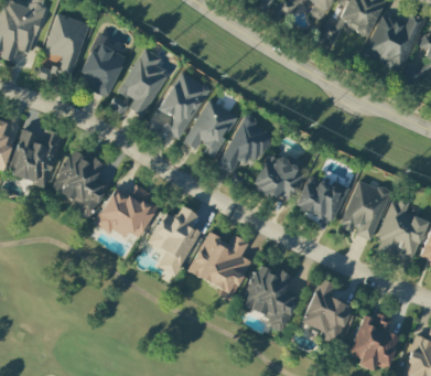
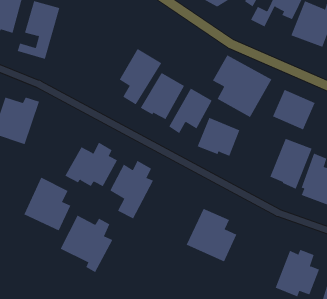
building: [78,32,126,98] -> none
building: [118,47,169,117] -> none
building: none -> [212,54,272,118]
building: [51,148,108,213] -> [23,177,71,231]
building: [295,173,347,223] -> [272,89,315,130]
building: [187,230,251,300] -> [60,215,113,273]
building: [302,278,352,344] -> none

